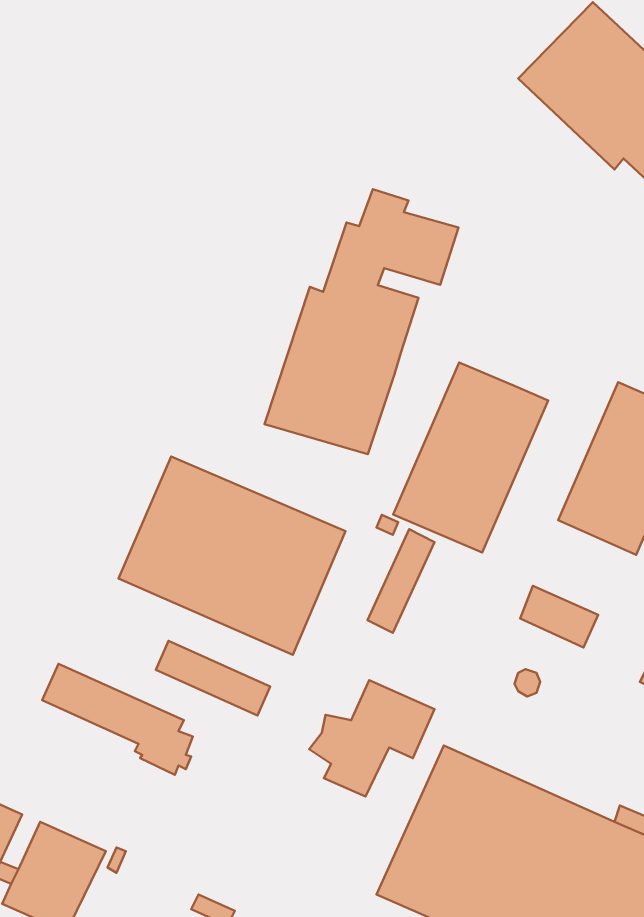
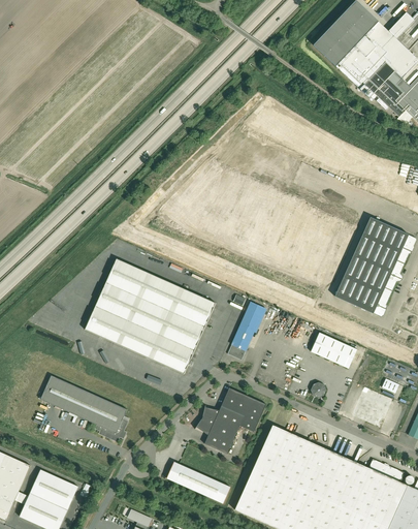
building: [265,189,459,454] -> none
building: [393,362,548,553] -> none
building: [156,641,270,715] -> [165,462,230,504]

